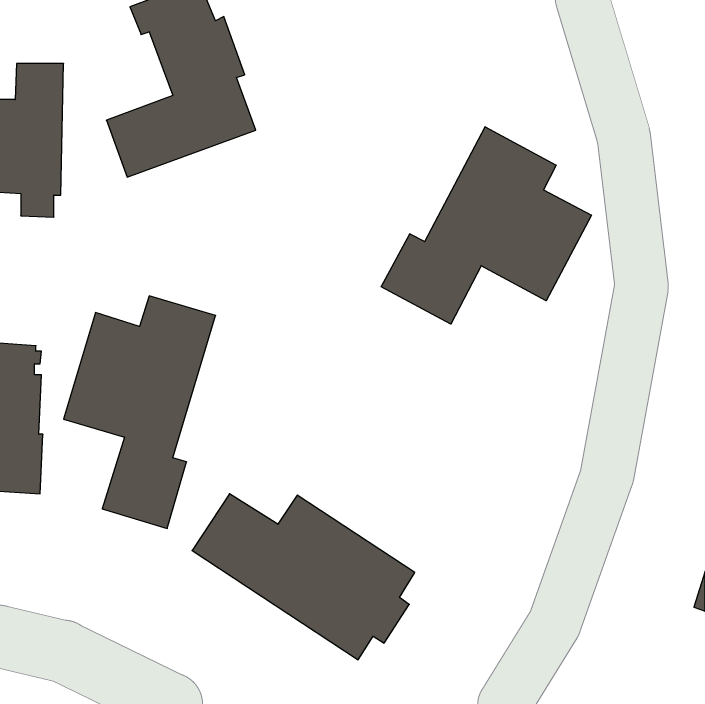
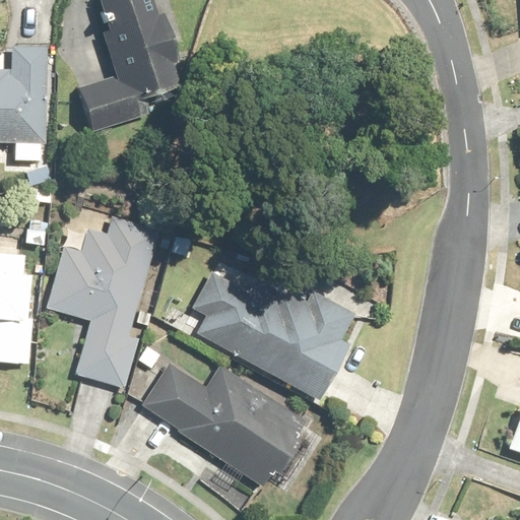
building: [381,127,591,324] -> none
building: none -> [183,266,353,399]

